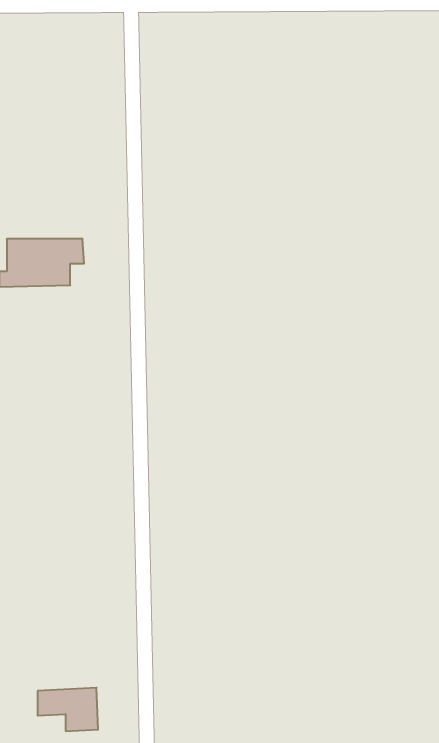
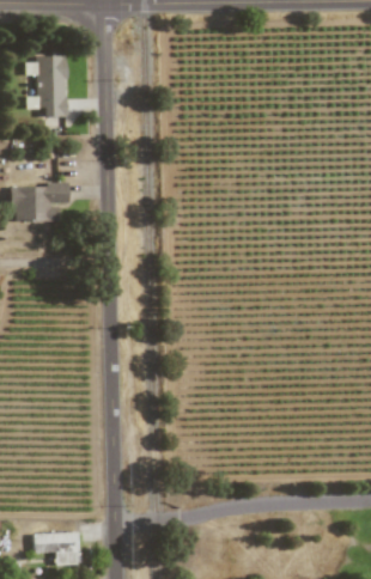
building: none -> [28,56,67,117]

